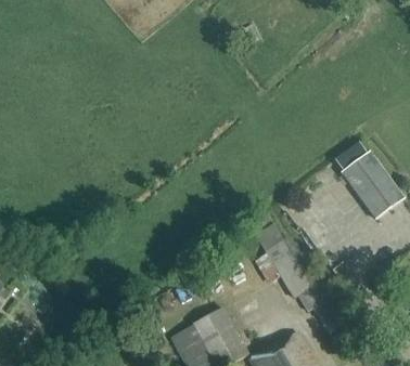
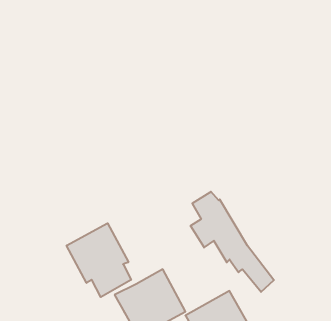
building: [343,154,401,219] -> none
building: none -> [67,223,131,297]

